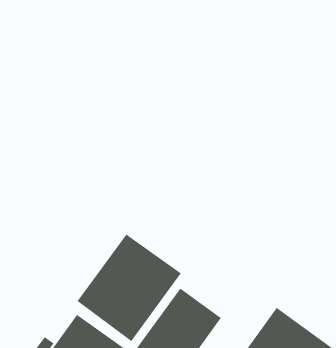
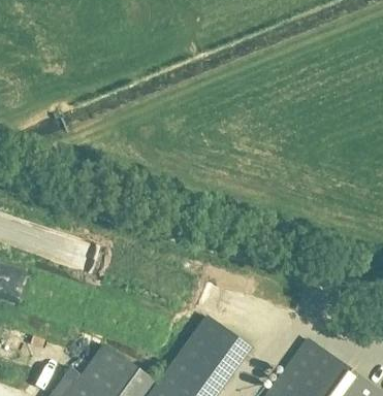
building: [77,233,182,342] -> none

